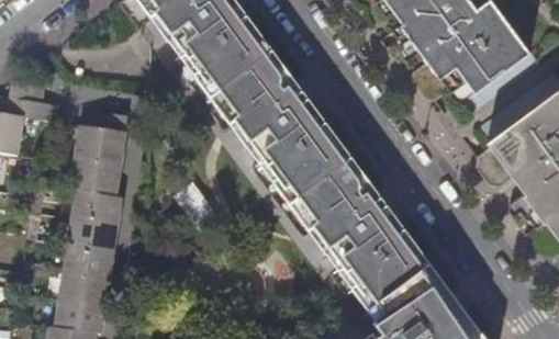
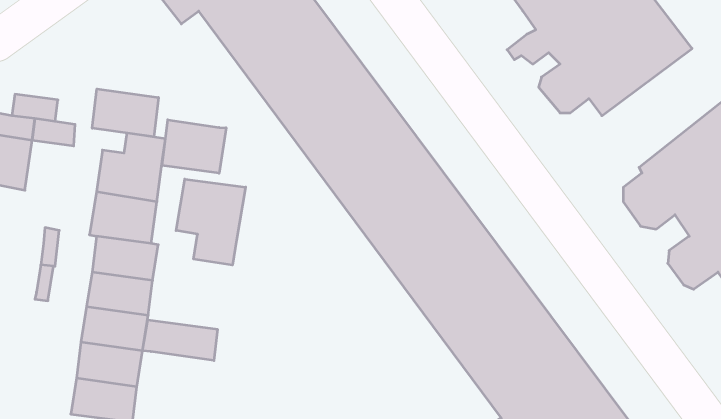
building: none -> [92,89,158,137]
building: none -> [162,120,226,173]
building: none -> [176,179,246,265]
building: none -> [143,320,217,361]

